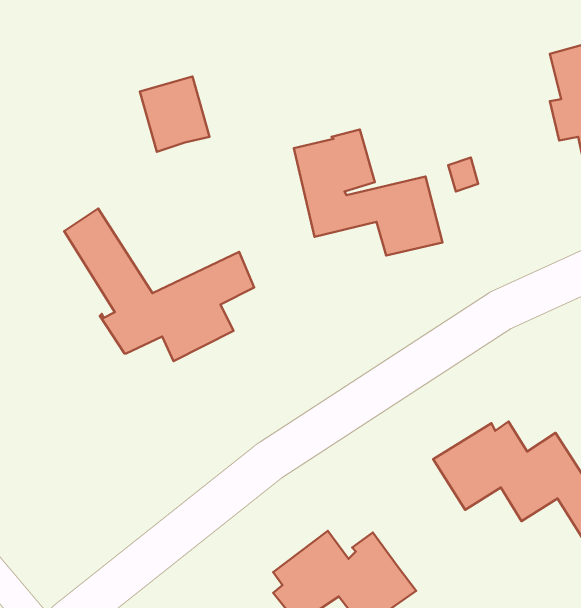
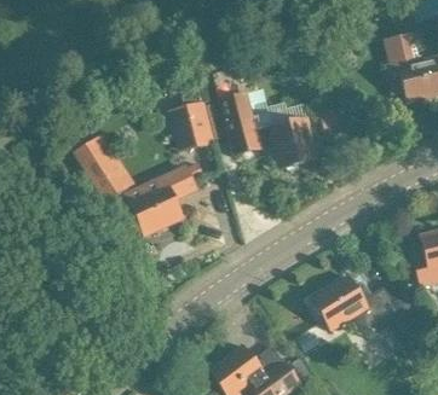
building: [140,76,209,152] -> [171,99,215,147]

